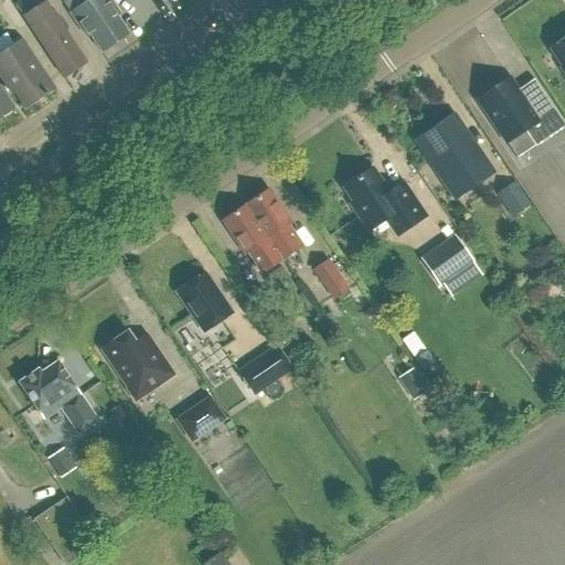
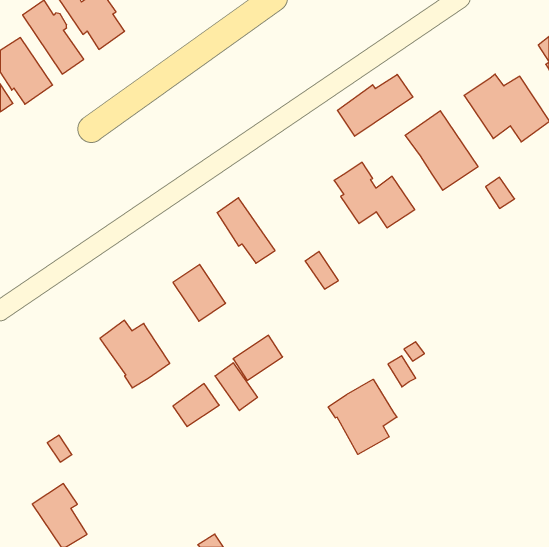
building: none -> [337,74,413,136]
building: [245,189,301,257] -> none
building: [420,232,473,282] -> none
building: [20,360,98,431] -> none
building: none -> [215,363,257,411]
building: none -> [328,379,397,454]

